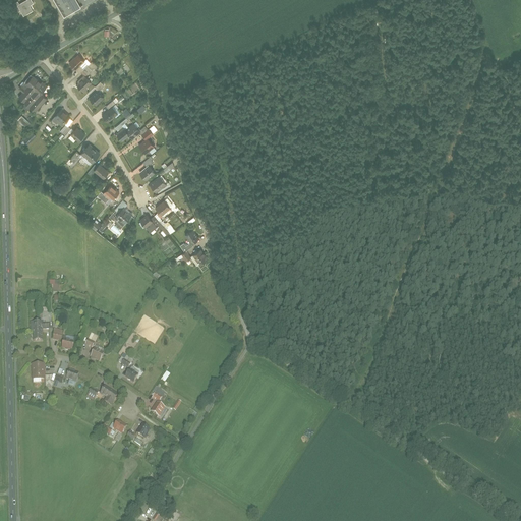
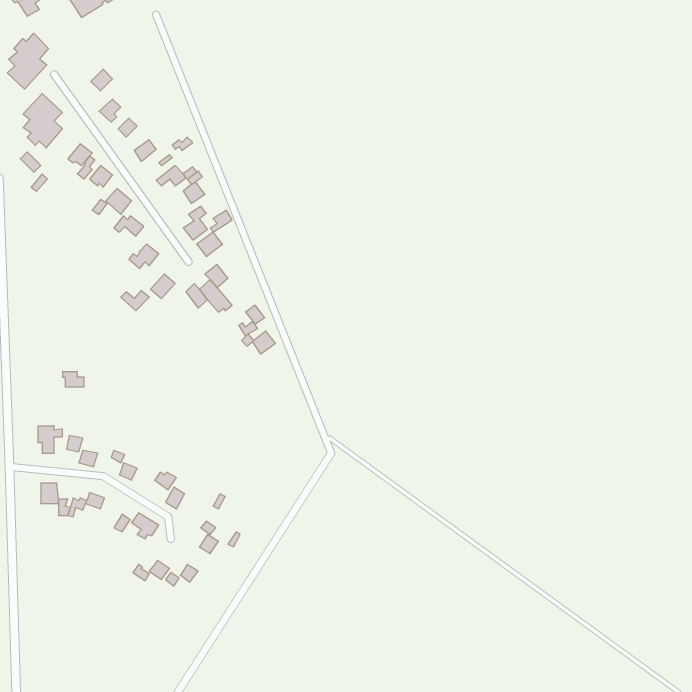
building: none -> [7,33,49,89]

